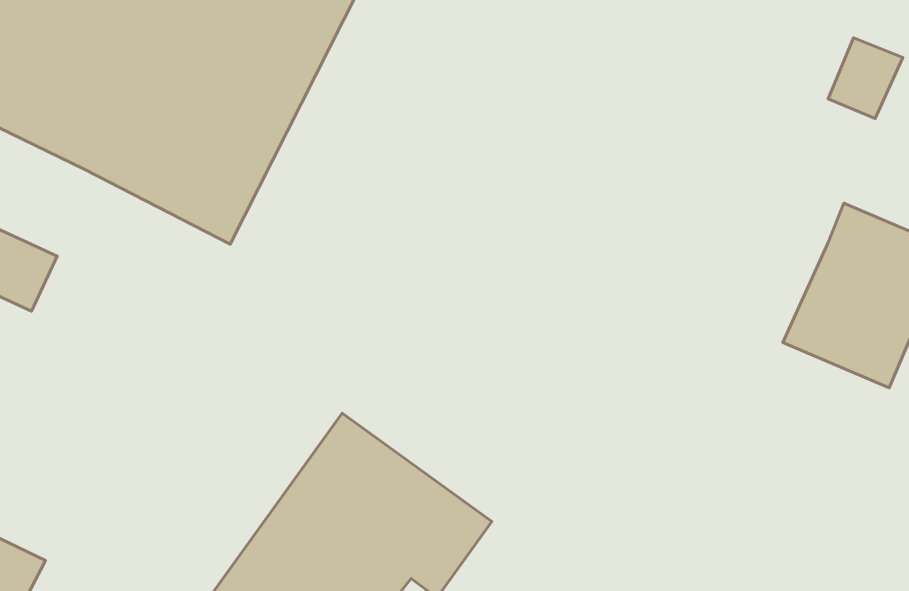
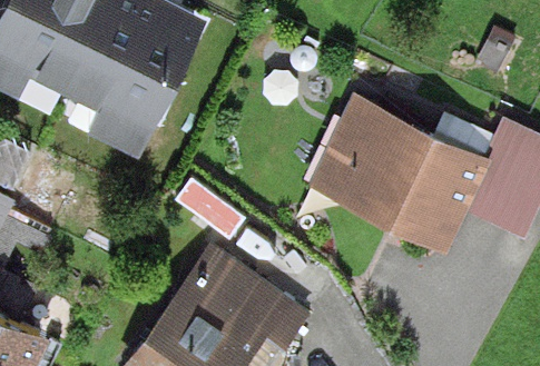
building: none -> [313,100,480,246]

